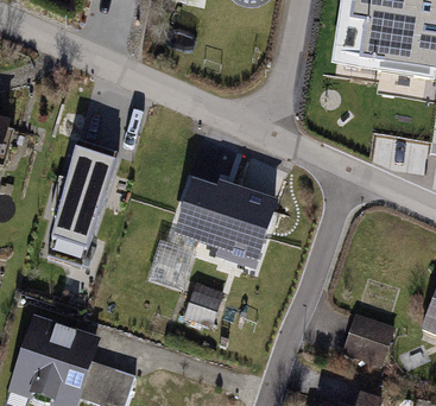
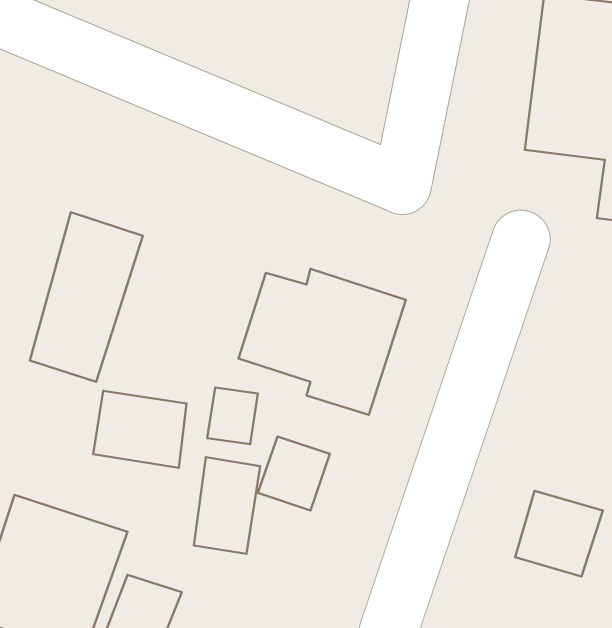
building: none -> [93,391,187,468]
building: none -> [194,457,260,554]

